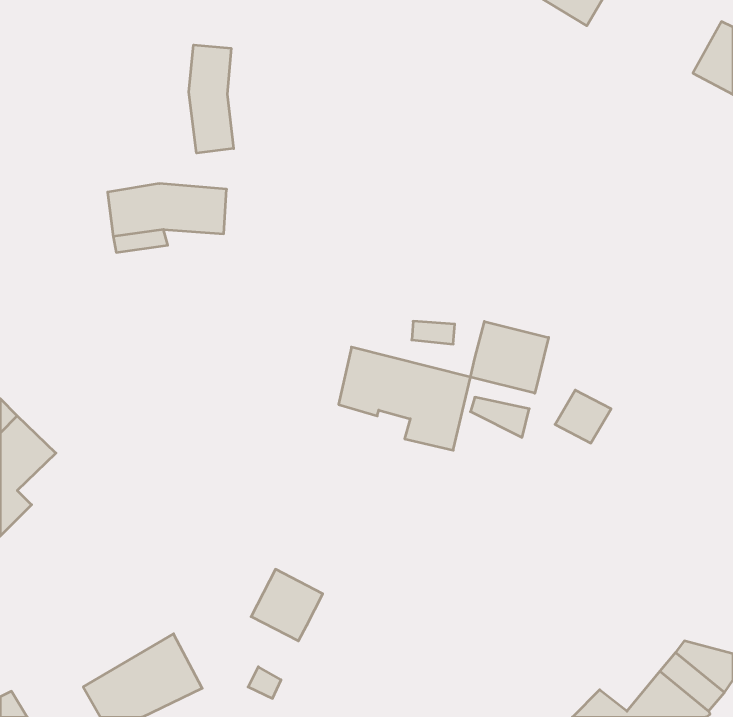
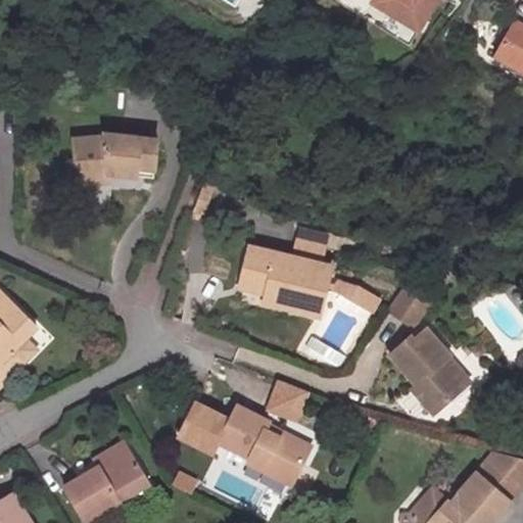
building: [189,45,234,153] -> none
building: [470,321,549,393] -> none
building: none -> [391,331,466,418]
building: none -> [273,381,308,420]
building: none -> [219,409,312,488]

